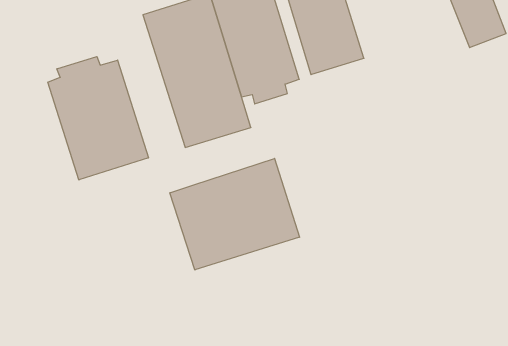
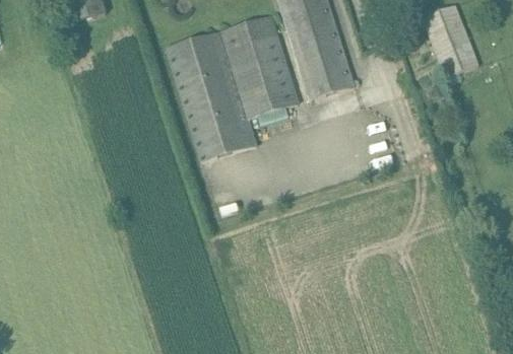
building: [48,57,148,180] -> none
building: [170,158,300,270] -> none

